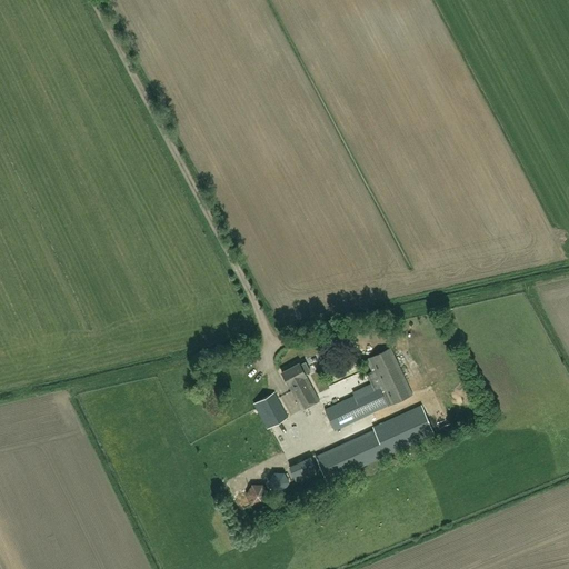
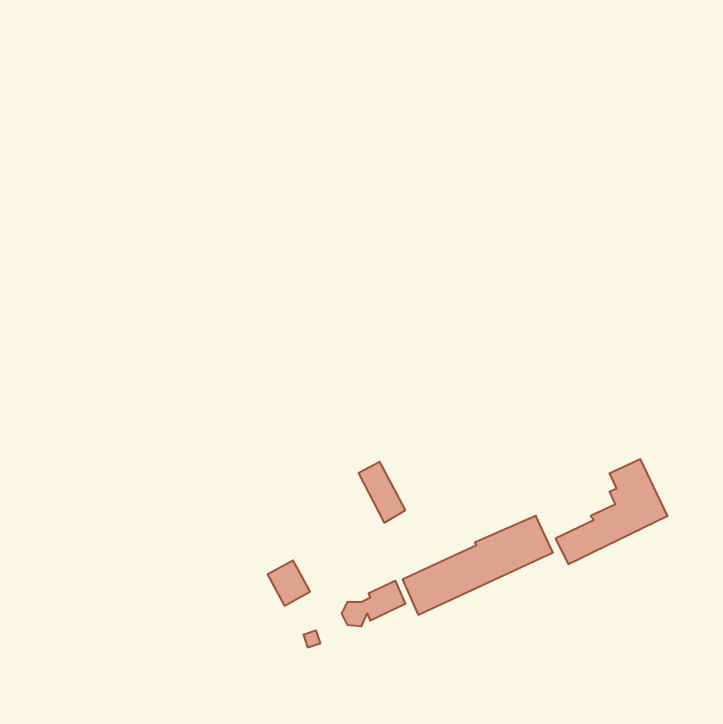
building: [323,348,411,430] -> [556,459,668,564]
building: [253,392,287,428] -> [268,560,310,606]

